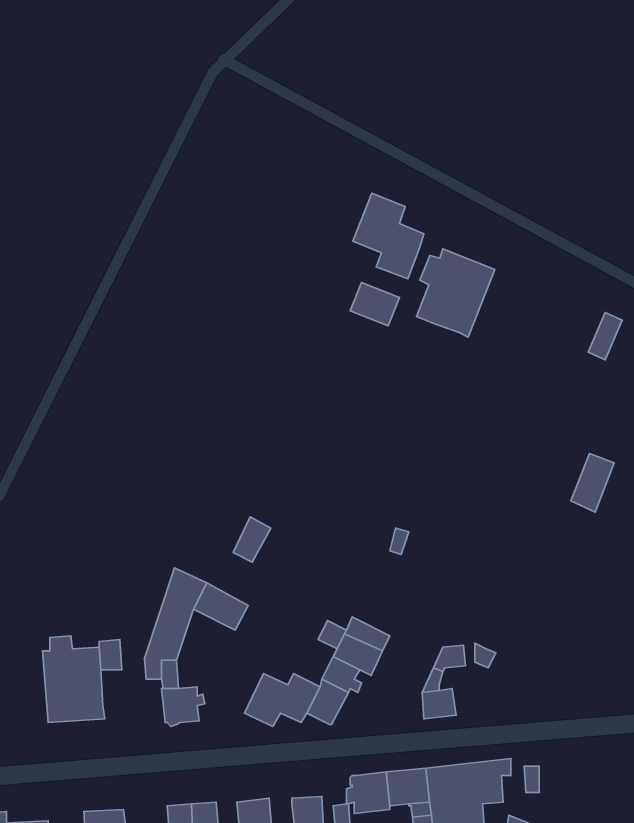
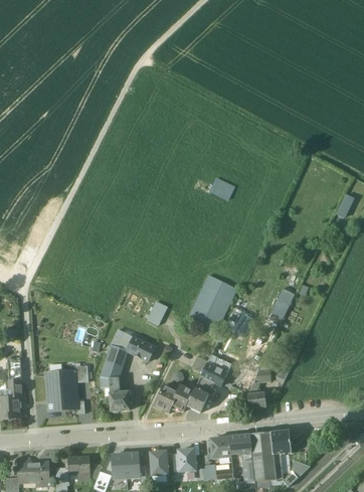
building: [353,193,424,279] -> none
building: [417,249,495,337] -> none
building: [571,453,614,512] -> [271,287,295,318]
building: none -> [186,275,235,333]

